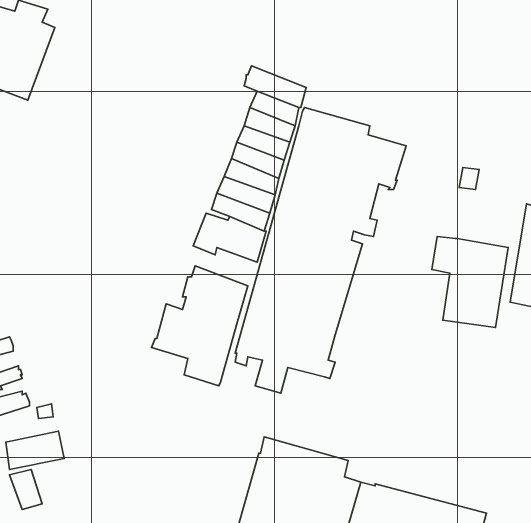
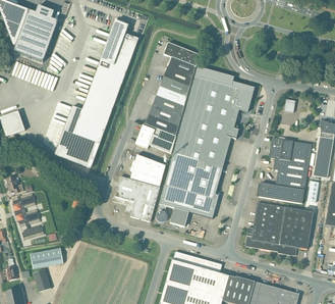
building: none -> [57,19,138,167]
building: none -> [259,182,304,203]
building: none -> [245,202,314,255]

